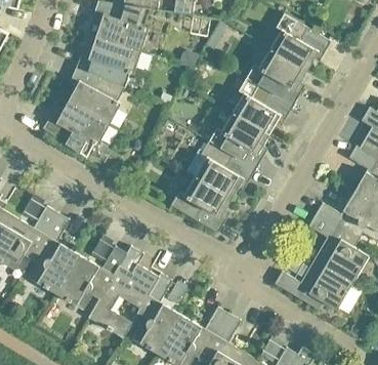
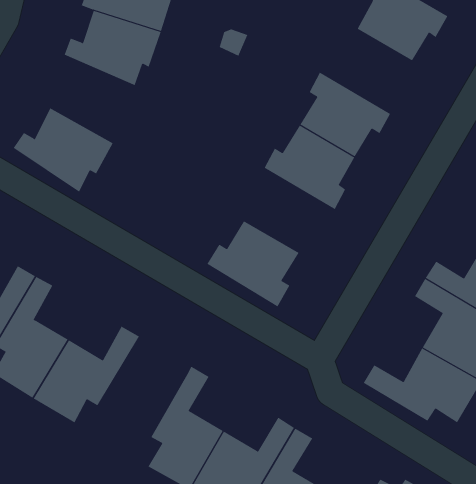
building: [245,48,306,105] -> none
building: [67,66,123,124] -> none
building: [185,140,255,197] -> none
building: [87,245,158,337] -> none

